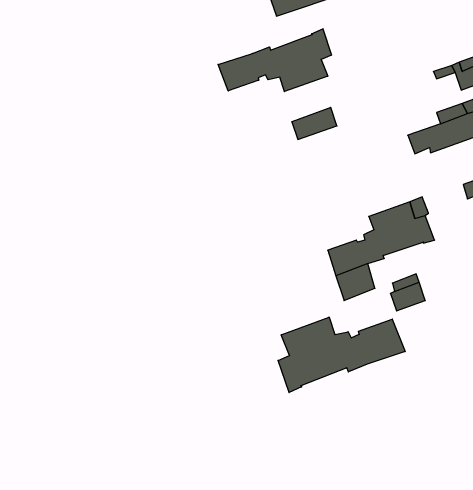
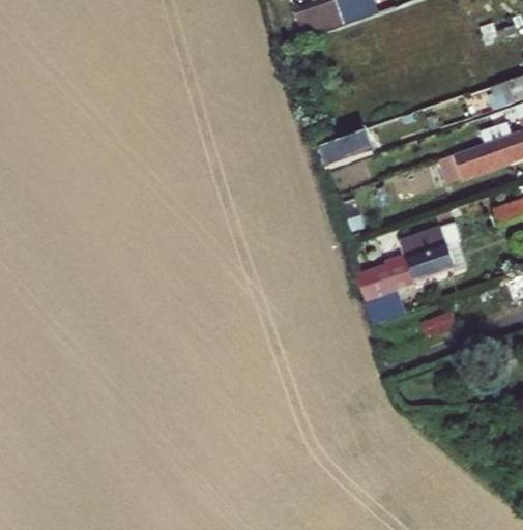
building: [218,29,332,92] -> none
building: [278,317,405,393] -> none

